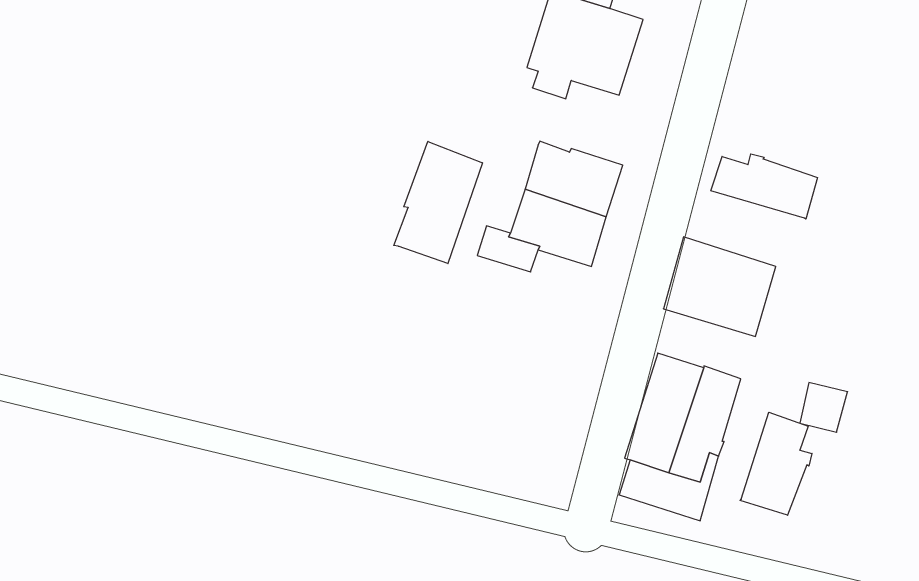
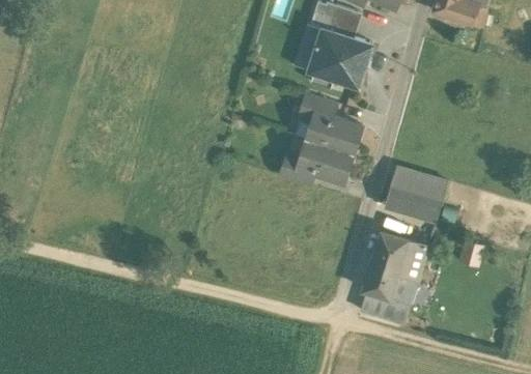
building: none -> [301,92,336,117]
building: [394,141,482,264] -> none
building: [711,154,817,219] -> none
building: [740,412,812,515] -> none

